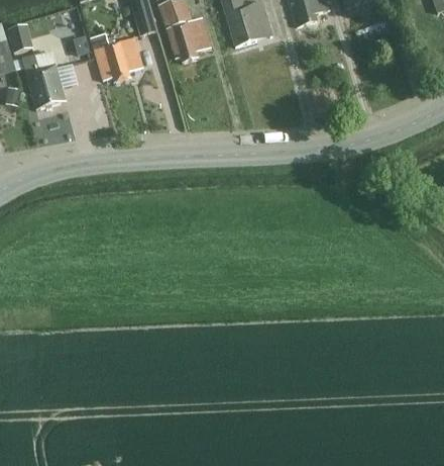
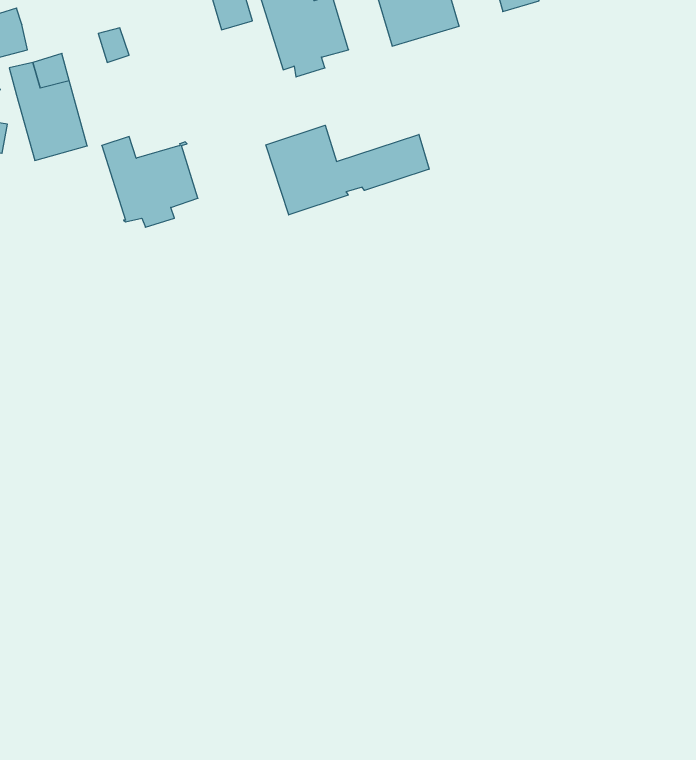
building: [90,30,143,81] -> [102,137,198,227]
building: none -> [266,125,429,215]

